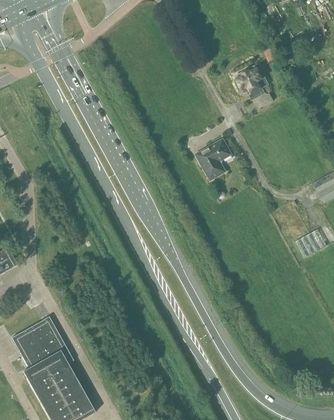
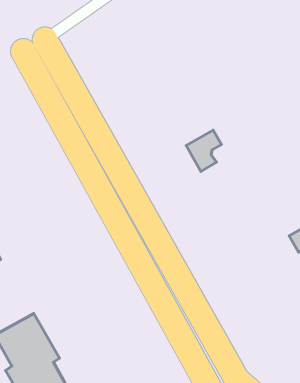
building: [234,65,270,108] -> none

